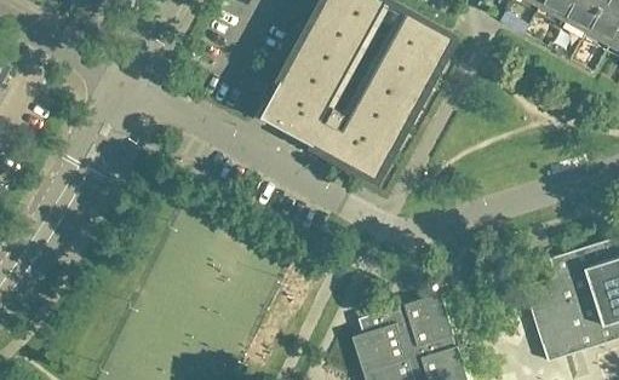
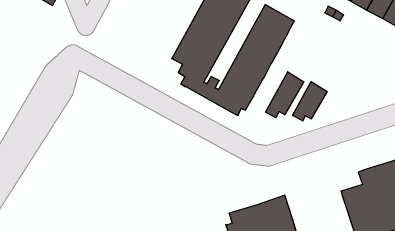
building: none -> [266,72,304,118]
building: none -> [293,82,327,121]

